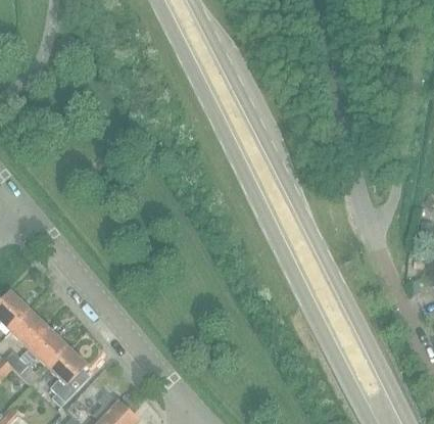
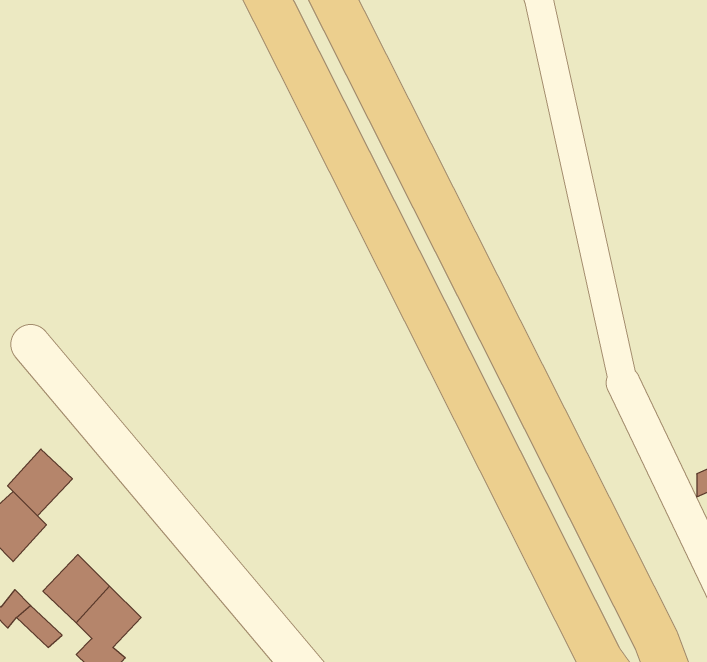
building: [12,311,50,349] -> [8,449,72,516]

